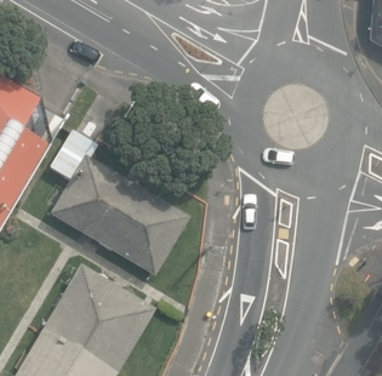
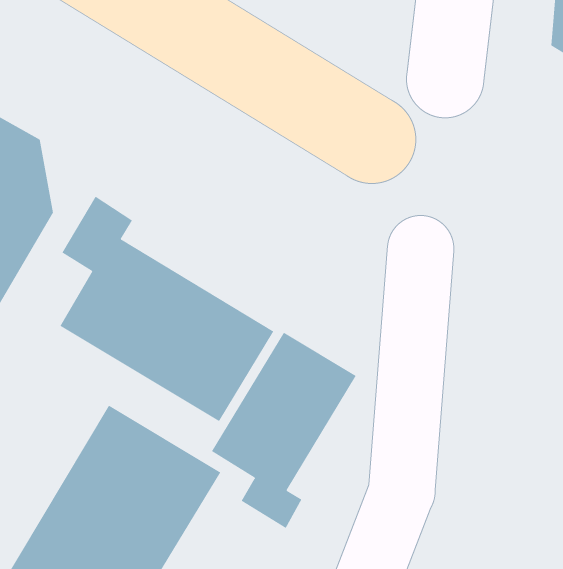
building: none -> [211,332,356,529]

